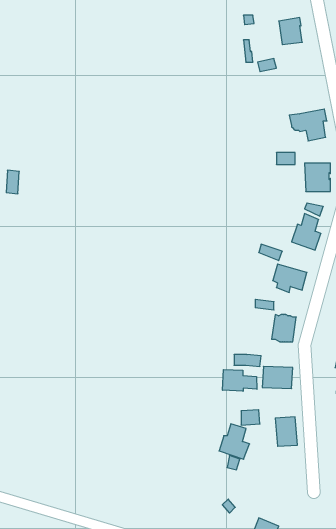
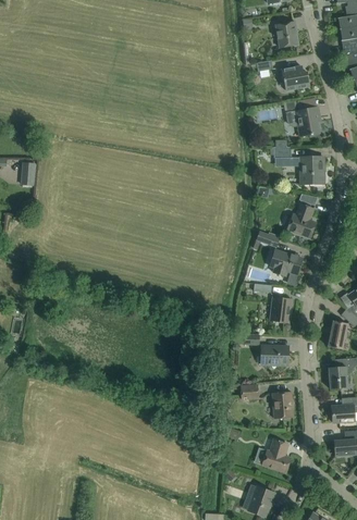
building: none -> [281,65,309,90]
building: [223,370,257,391] -> none
building: [219,424,250,459] -> [262,439,291,472]

